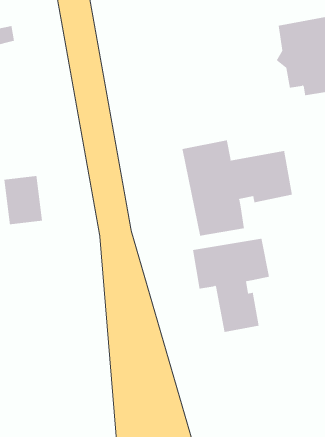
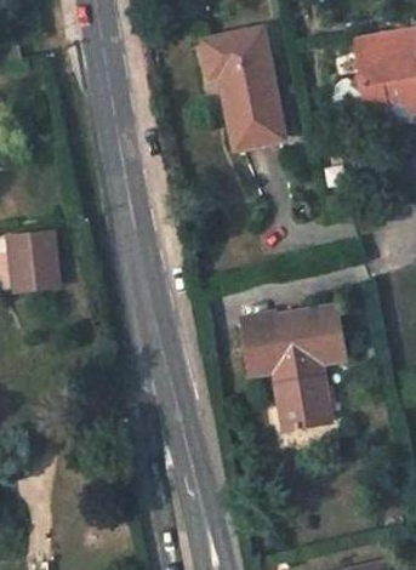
building: none -> [205,29,283,147]
building: [182,139,293,236] -> none

